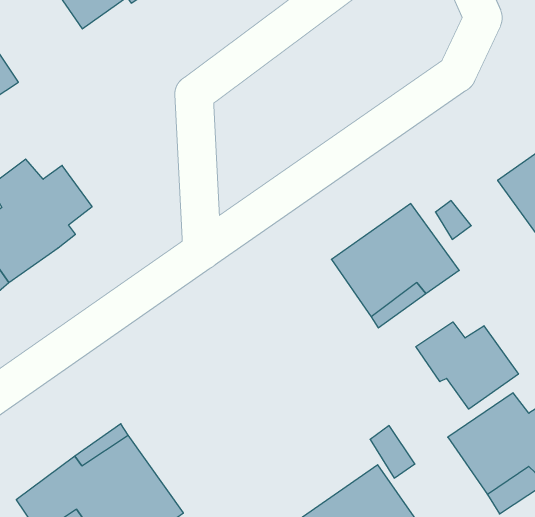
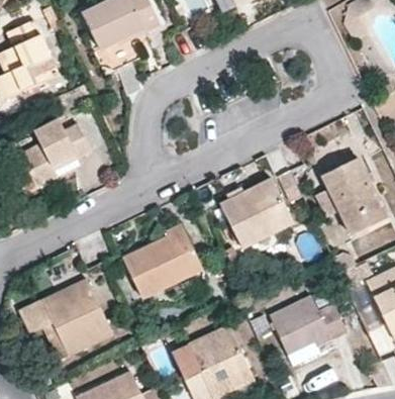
building: none -> [124,224,201,296]
building: [416,322,518,409] -> none

